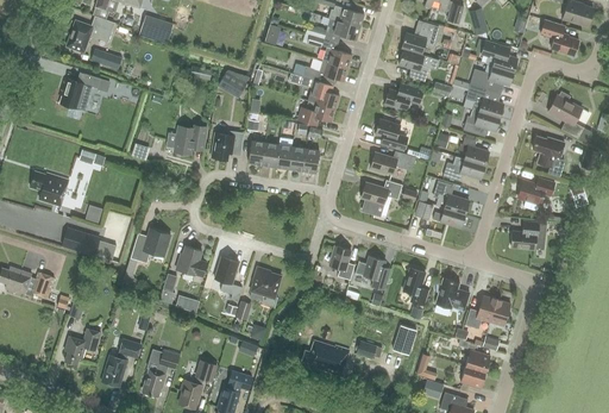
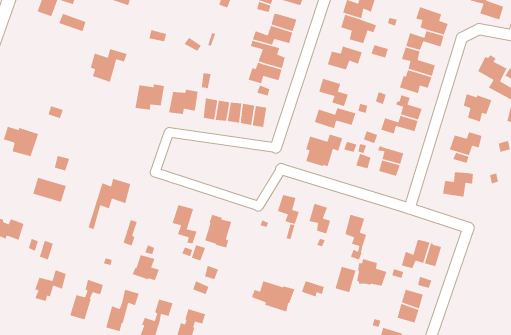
building: [58,71,100,109] -> [90,48,128,83]
building: [176,245,207,275] -> [132,254,160,281]
building: [435,277,470,308] -> [356,258,388,287]

